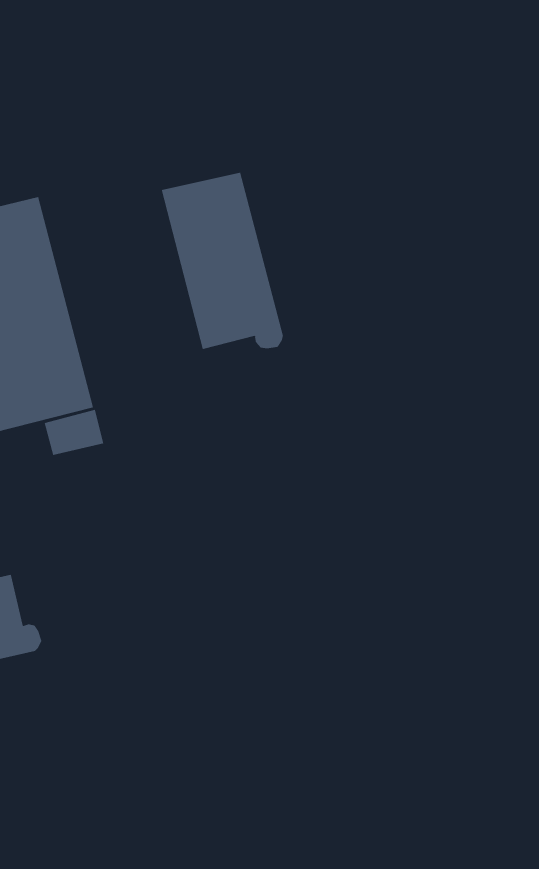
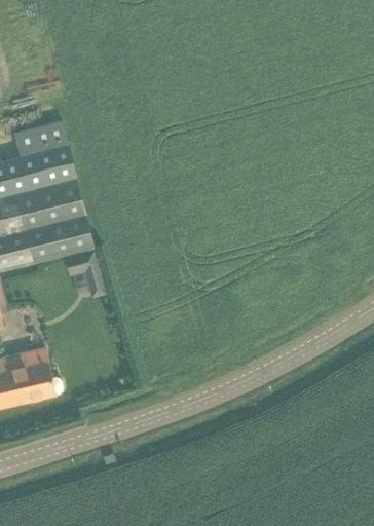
building: [161,172,284,350] -> none

